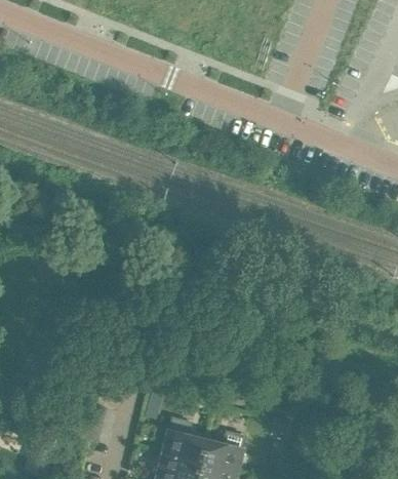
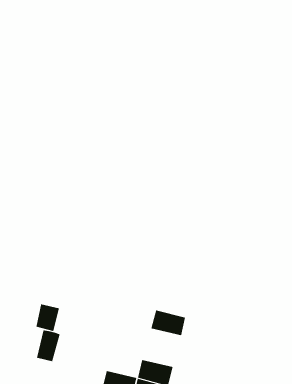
building: none -> [36,304,59,332]
building: [162,431,205,463] -> [151,310,186,336]

